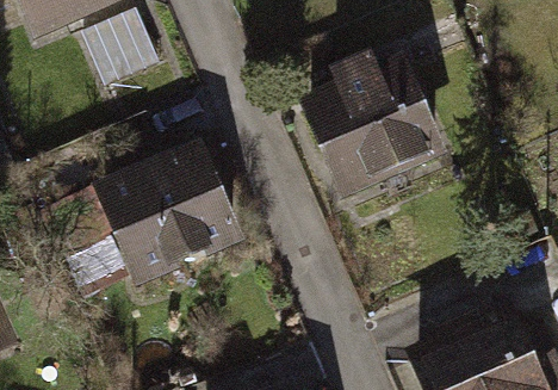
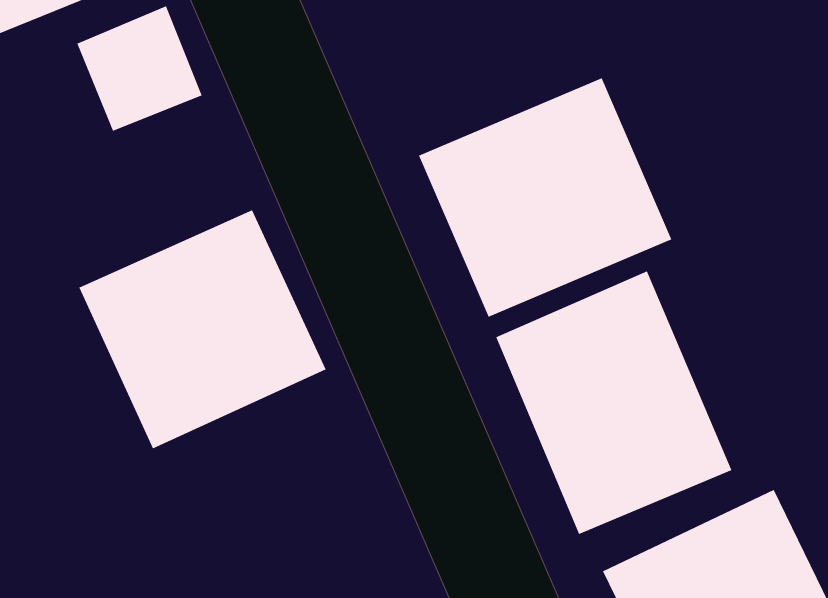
building: none -> [495,271,732,535]

